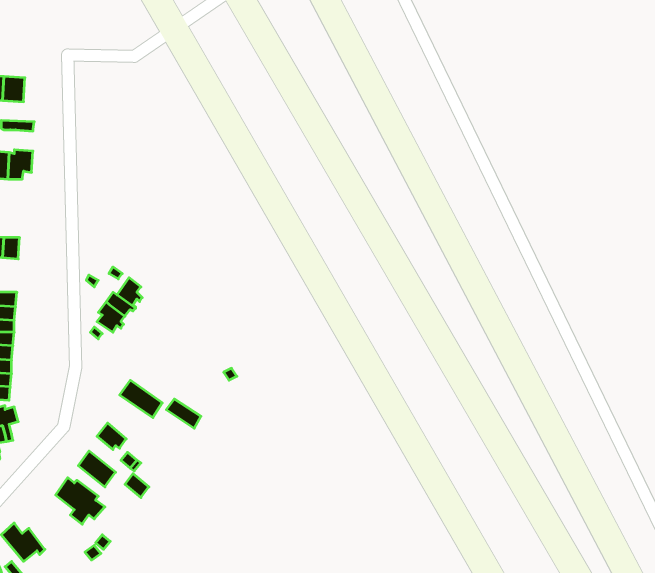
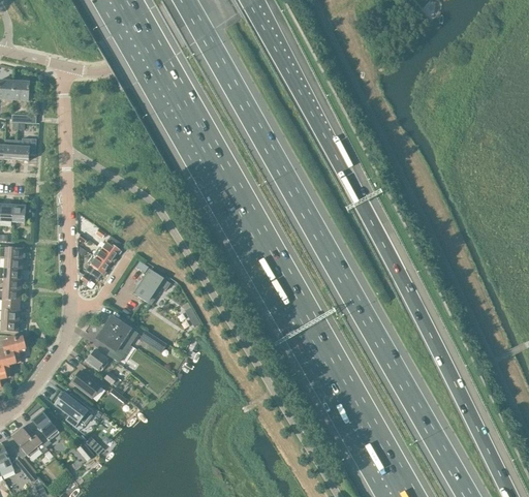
building: none -> [131,270,168,306]
building: none -> [95,328,128,362]
building: none -> [30,411,58,447]

